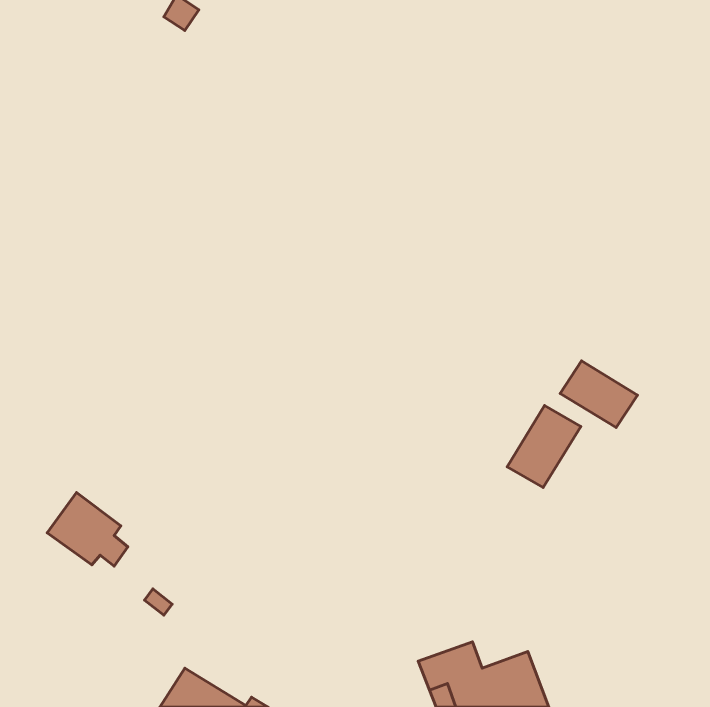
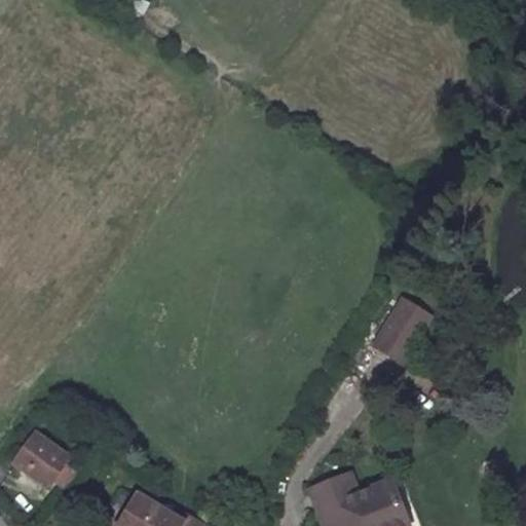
building: [560,361,637,428] -> none
building: [47,493,128,566] -> [15,433,75,487]

